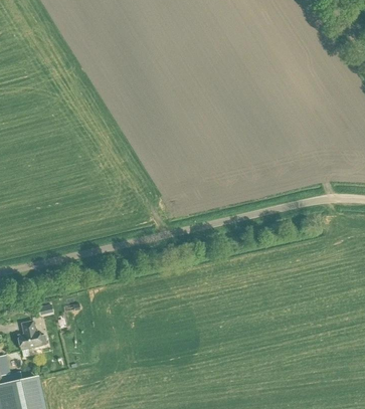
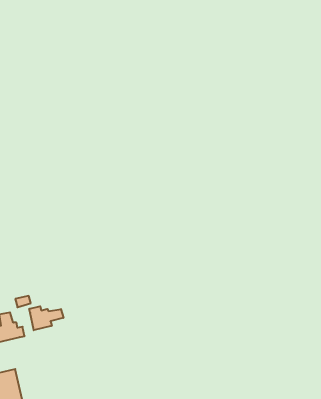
building: none -> [29,306,63,330]

